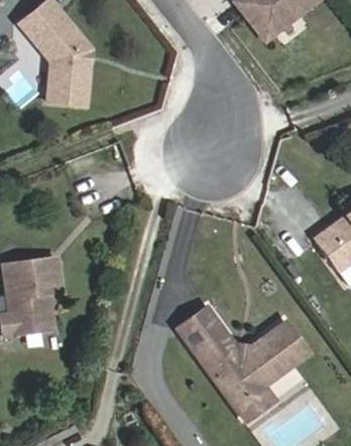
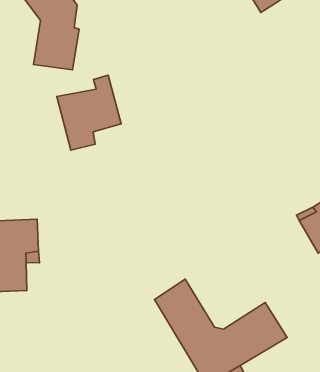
building: none -> [57,75,121,150]

